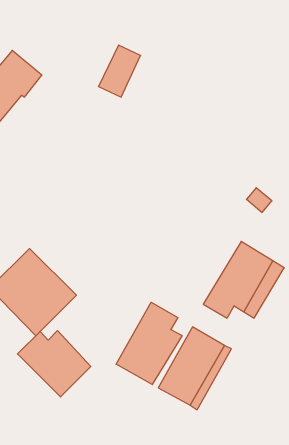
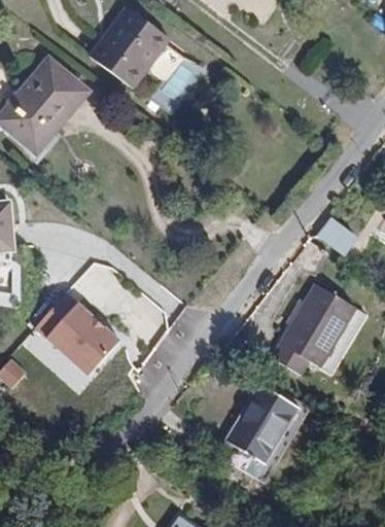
building: none -> [91,6,170,87]
building: [116,302,182,385] -> none
building: [17,331,91,397] -> none

